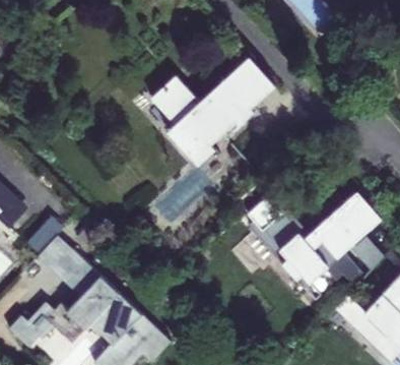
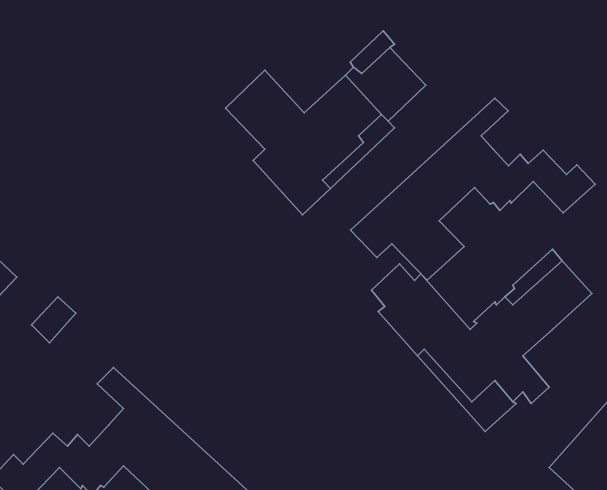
building: none -> [351,98,595,280]
building: [337,239,378,293] -> none
building: [44,241,90,298] -> none

